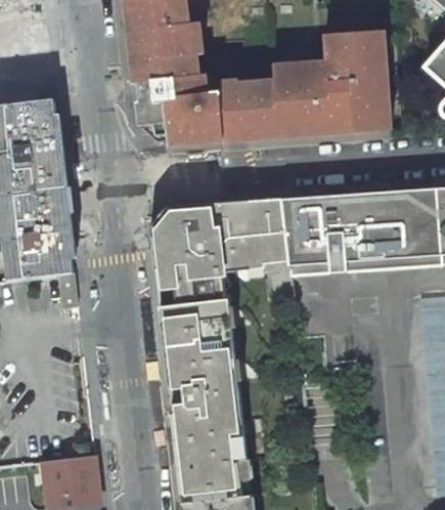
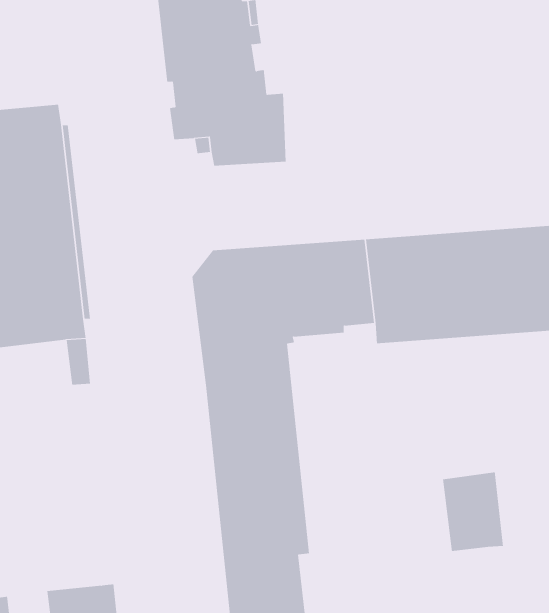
building: [219,29,390,141] -> none
building: none -> [442,472,503,552]

